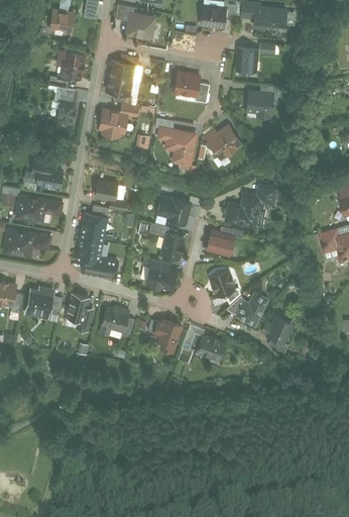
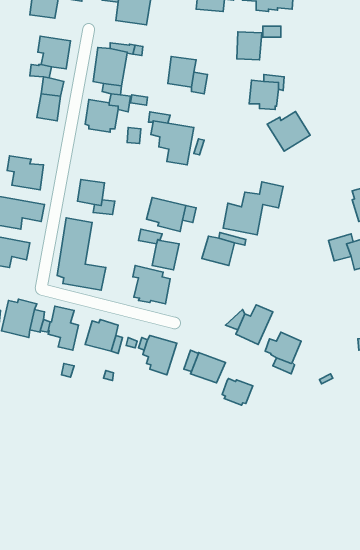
building: [203,123,241,159] -> [267,112,310,151]
building: [206,268,235,298] -> none
building: none -> [222,378,253,405]

